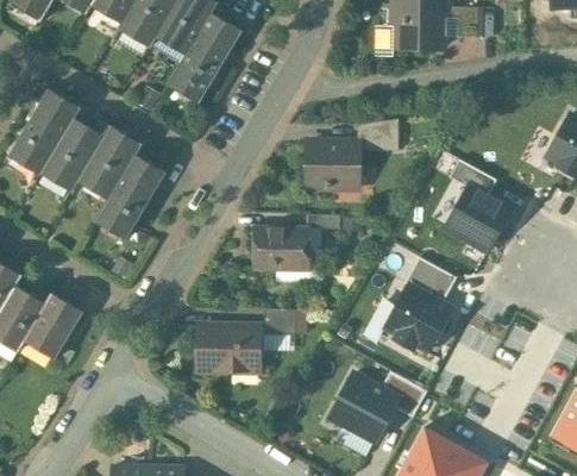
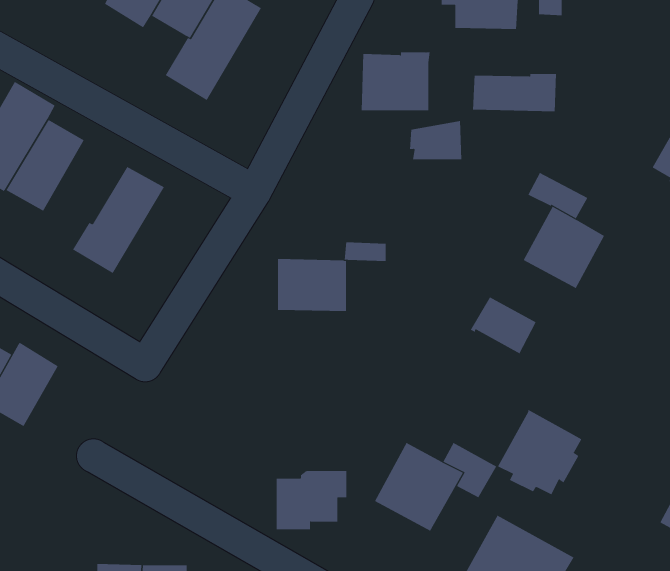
building: none -> [472,73,556,112]
building: [70,125,142,200] -> none
building: [306,142,360,188] -> [361,52,431,111]
building: [385,283,452,351] -> [497,409,582,495]
building: [263,308,295,334] -> none
building: [202,325,258,371] -> [276,471,347,530]

